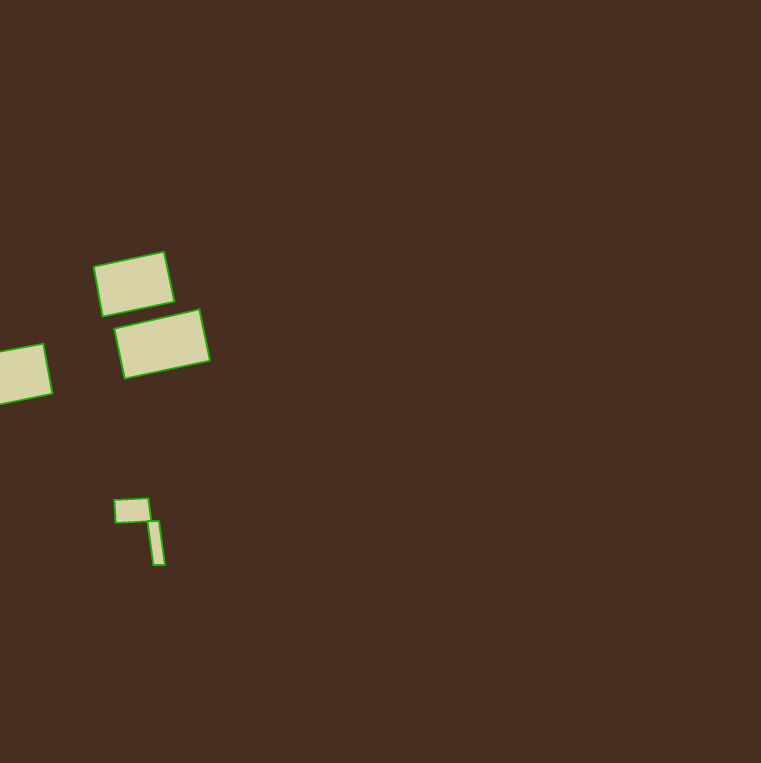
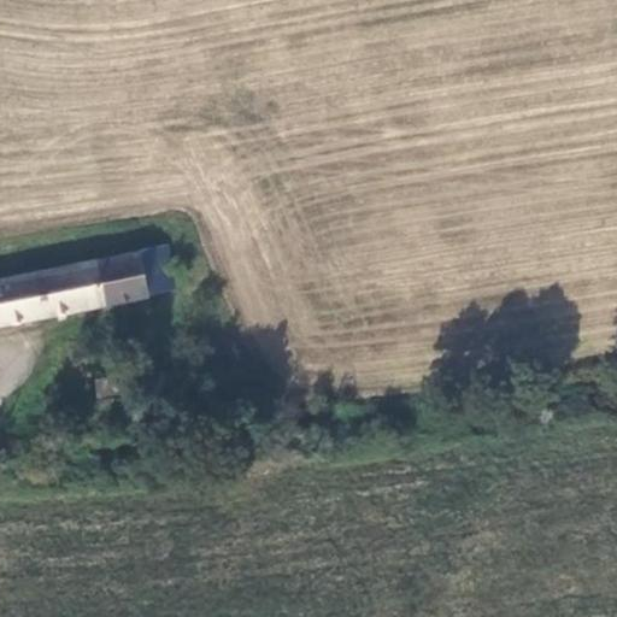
building: [94,252,175,316] -> [35,264,100,316]

